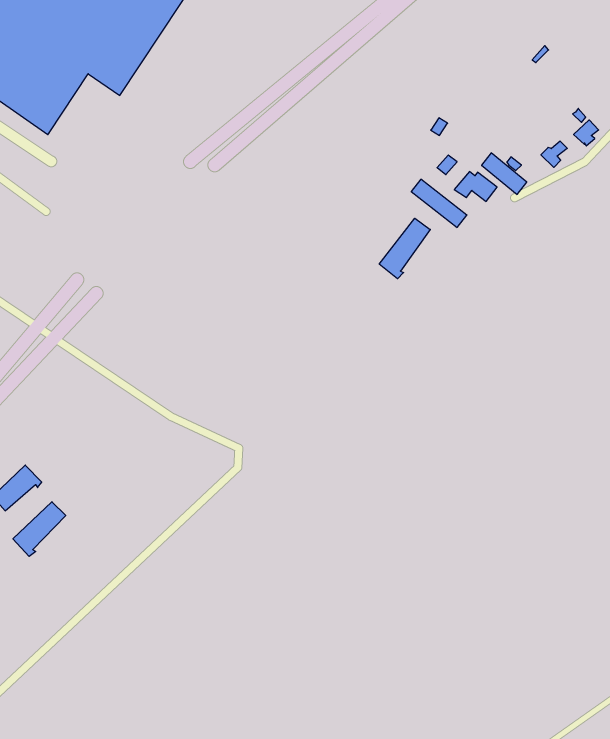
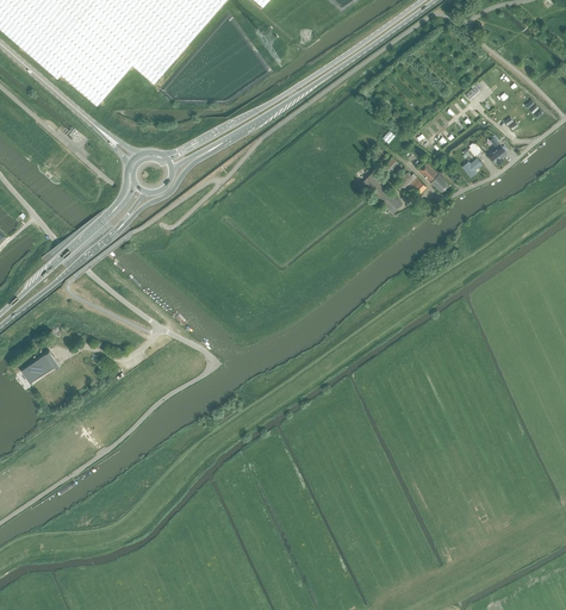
building: [379,218,430,279] -> none
building: [13,502,66,556] -> none

